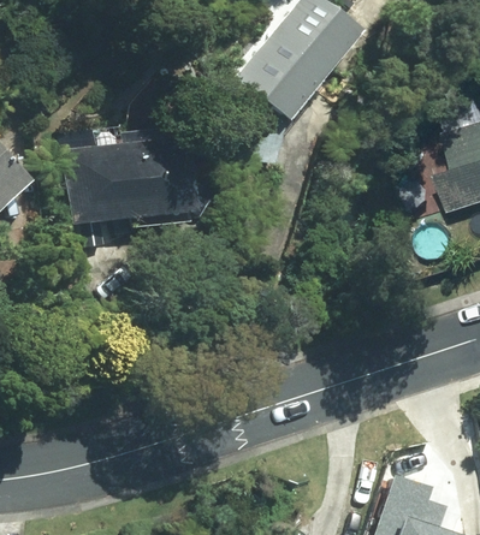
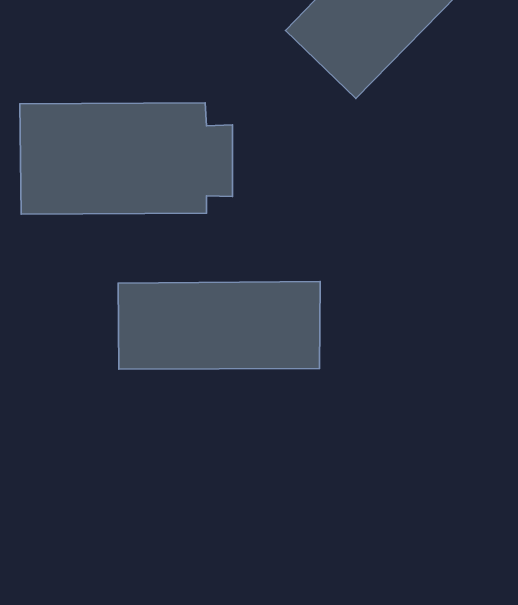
building: none -> [118,282,320,369]

